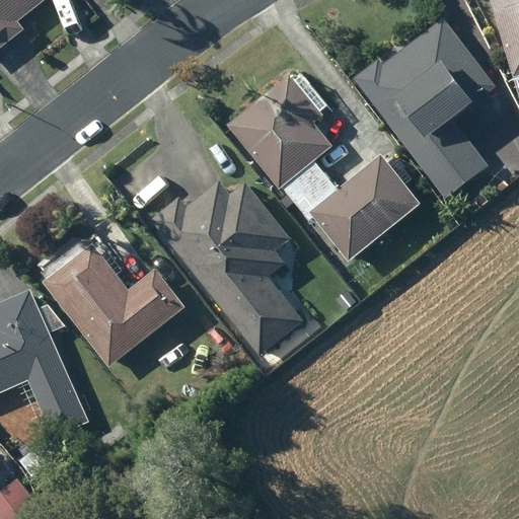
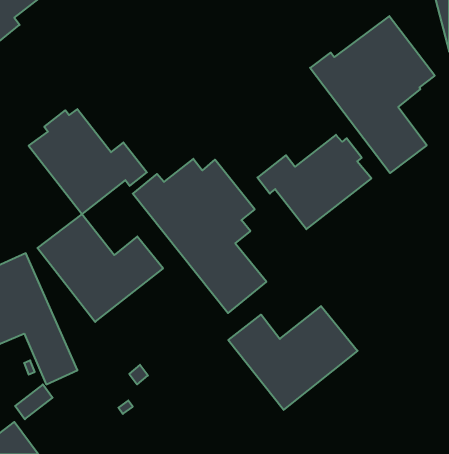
building: [228,74,332,202] -> none
building: none -> [29,109,147,214]
building: none -> [228,306,358,410]

